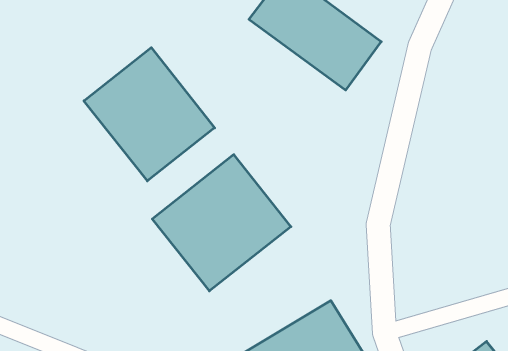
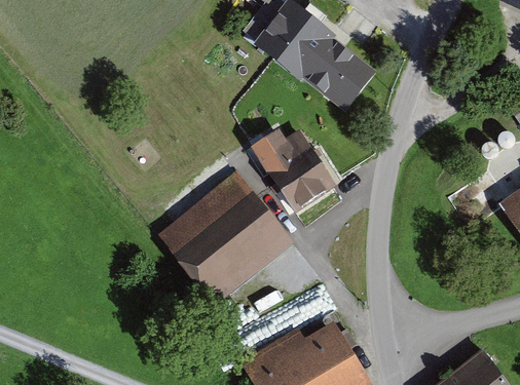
building: [84,48,215,181] -> none
building: none -> [254,117,341,209]

